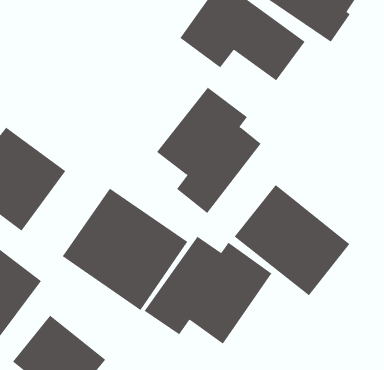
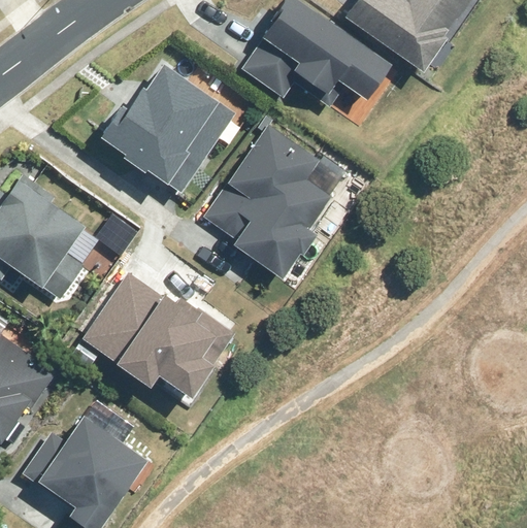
building: none -> [101,59,226,184]
building: [234,184,350,296] -> none
building: [144,236,272,344] -> none

